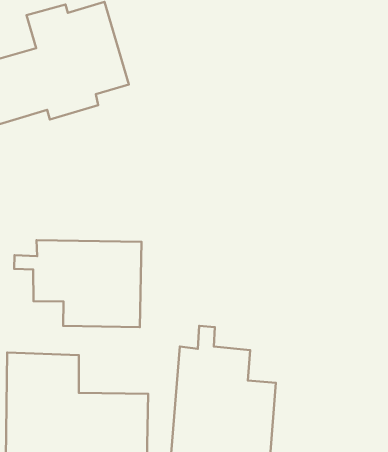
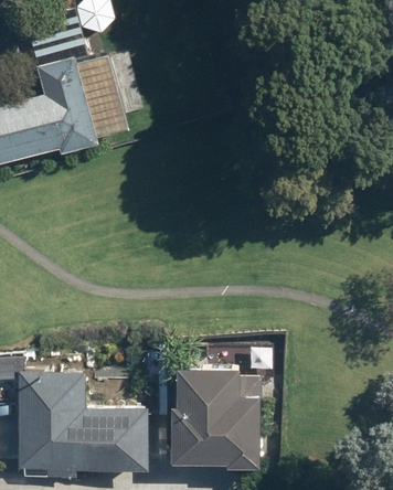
building: [14,240,142,327] -> none

